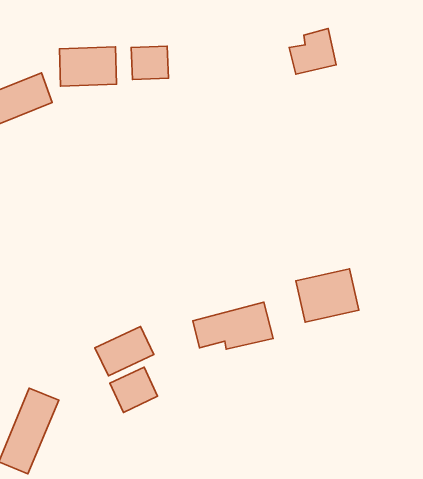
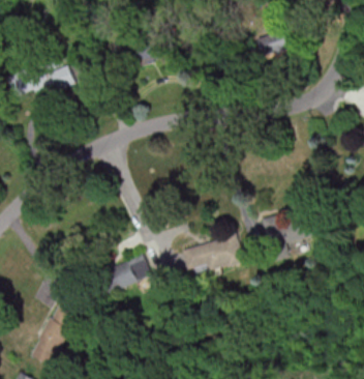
building: [59,47,117,86] -> none
building: [110,367,158,412] -> none

